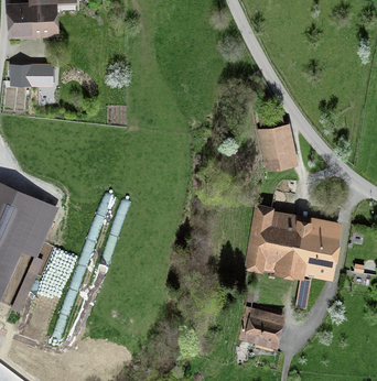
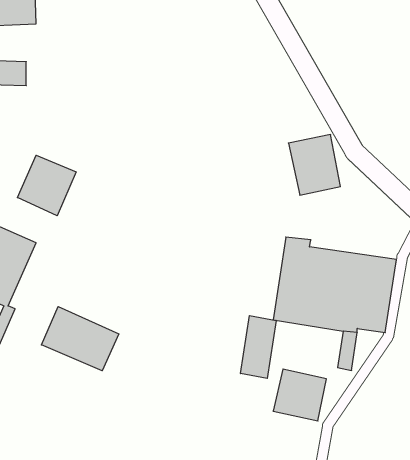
building: none -> [17,155,76,216]
building: none -> [41,307,119,371]
building: none -> [241,316,276,378]

